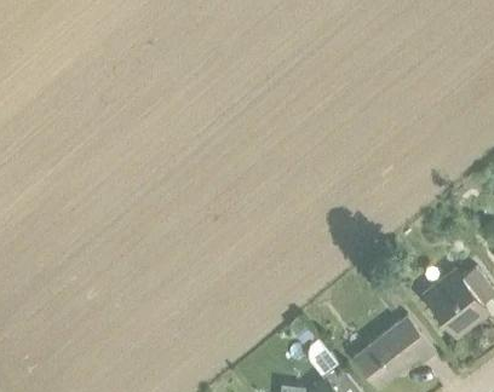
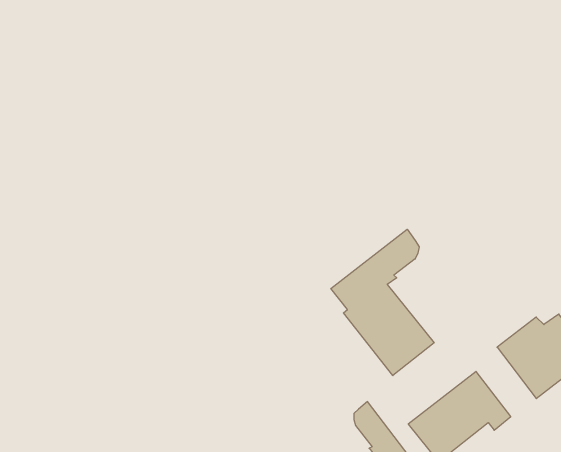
building: none -> [331,229,434,376]

